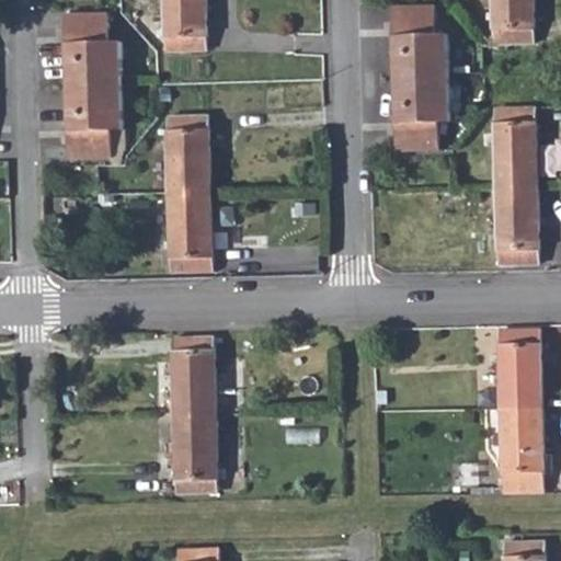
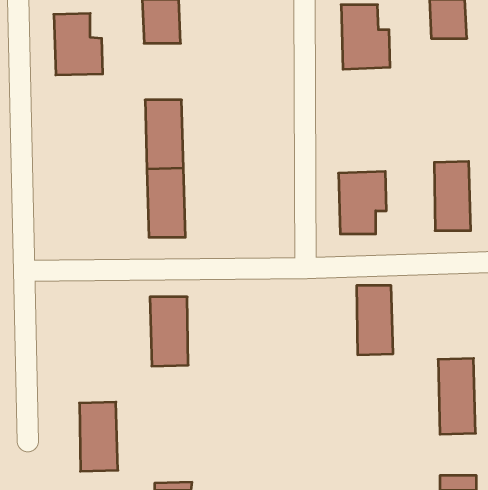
building: [391,77,446,148] -> [338,171,386,234]
building: [64,84,118,157] -> none
building: [493,107,535,185] -> none
building: [499,331,540,410] -> [357,286,393,355]
building: [173,416,217,495] -> [79,402,118,471]

